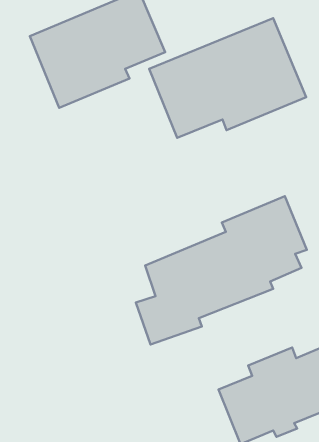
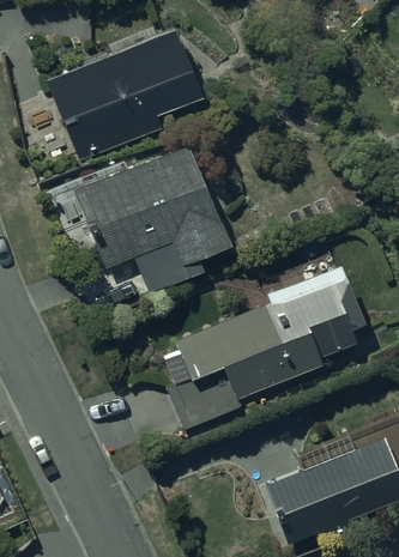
building: [149,18,306,138] -> none
building: none -> [75,141,231,292]

